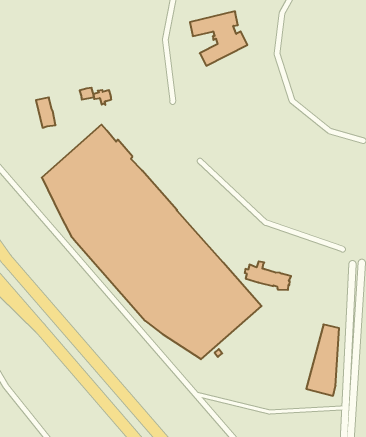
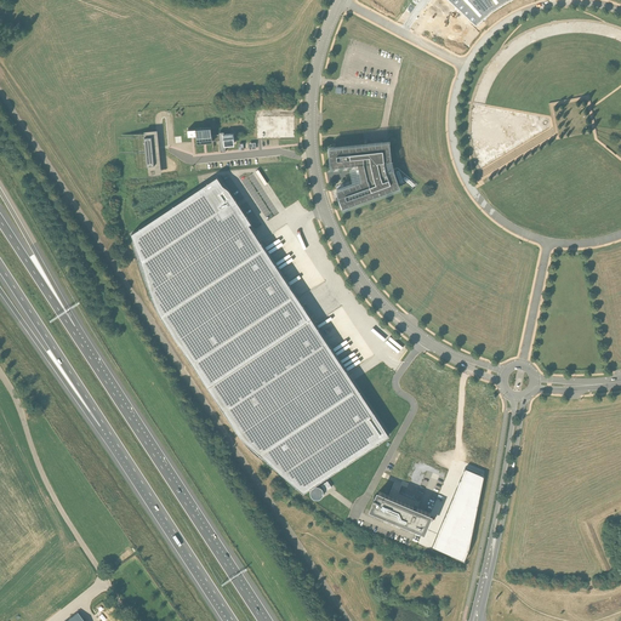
building: [190,11,247,66] -> [330,143,399,207]
building: [245,261,291,290] -> [372,490,431,531]

